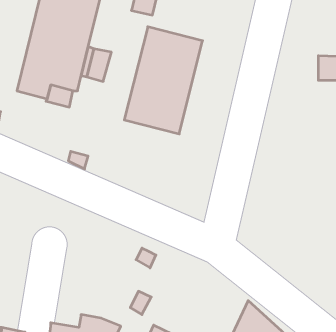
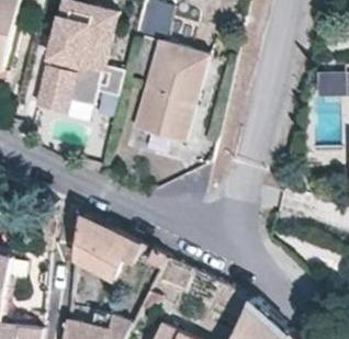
building: none -> [74,216,138,282]

